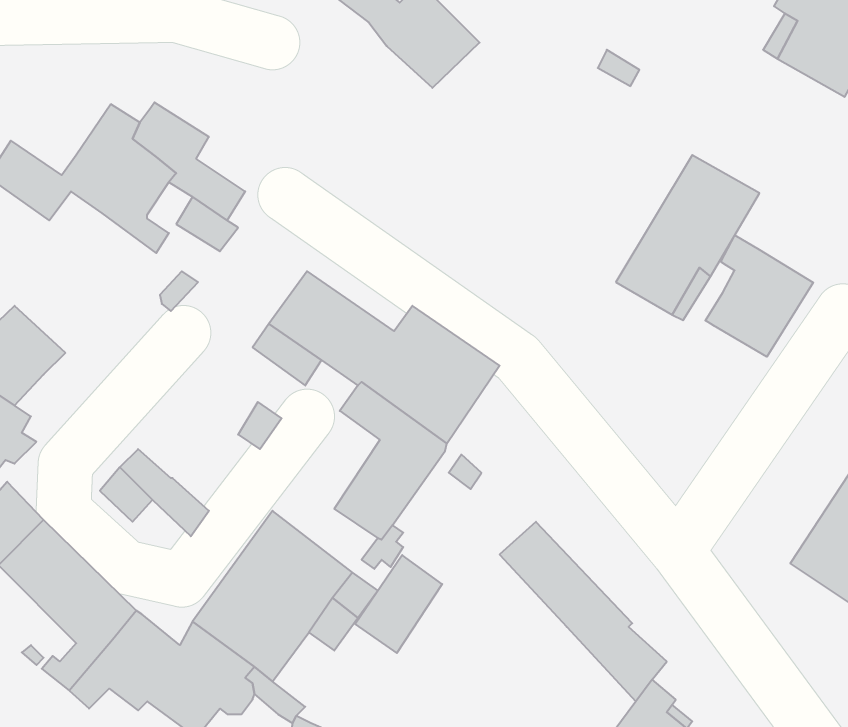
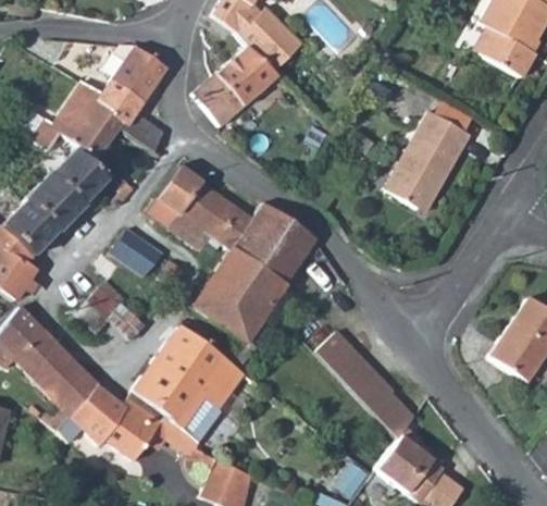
building: none -> [110,45,164,100]
building: none -> [194,46,279,125]
building: none -> [24,146,114,232]
building: [705,235,813,357] -> none
building: none -> [147,165,201,226]
building: none -> [113,230,163,274]
building: [355,555,442,653] -> [192,264,245,323]

